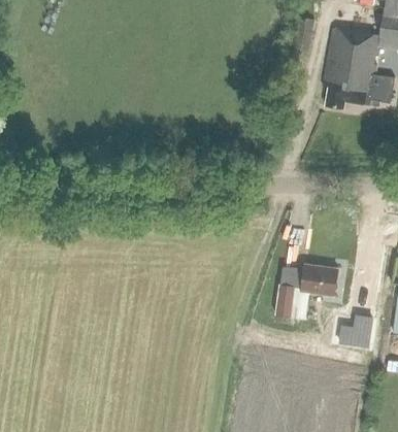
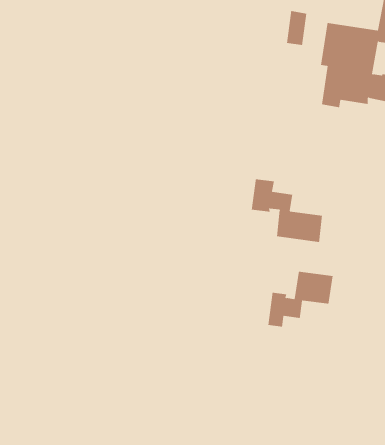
building: none -> [251,179,323,243]
building: [338,314,371,345] -> none

